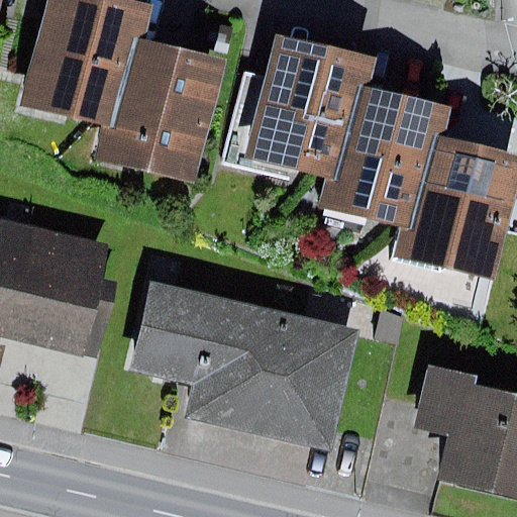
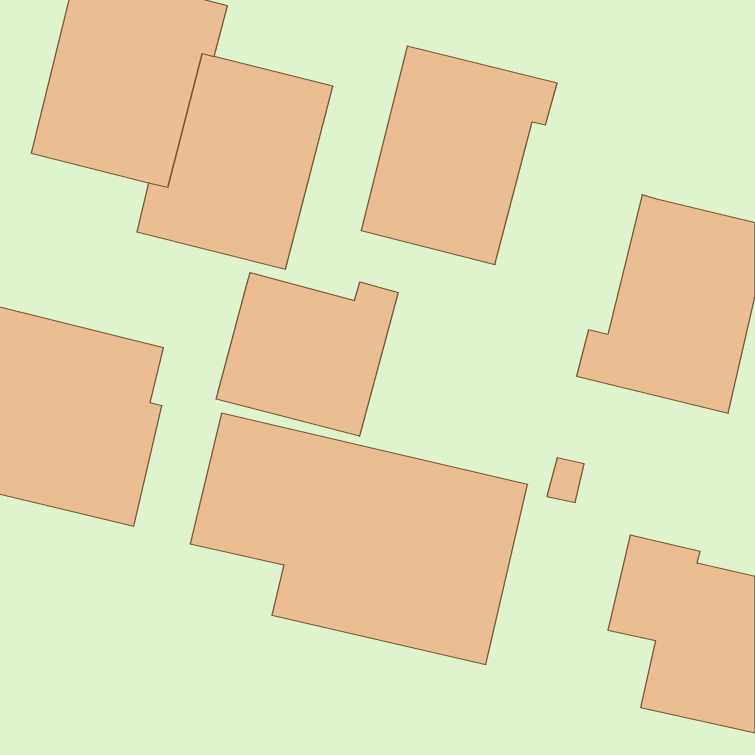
building: [321,83,454,227] -> none
building: none -> [216,273,398,436]

